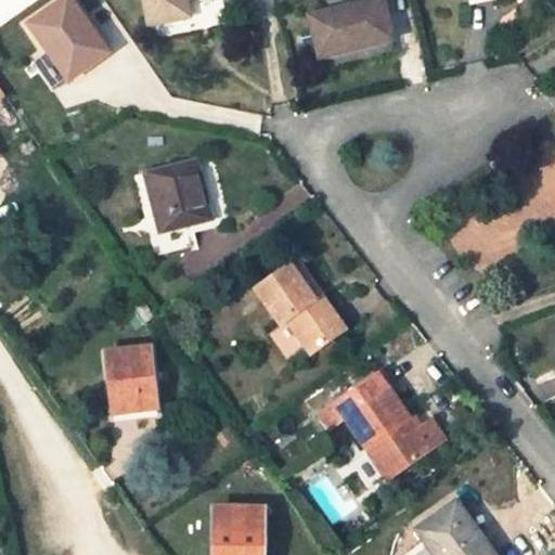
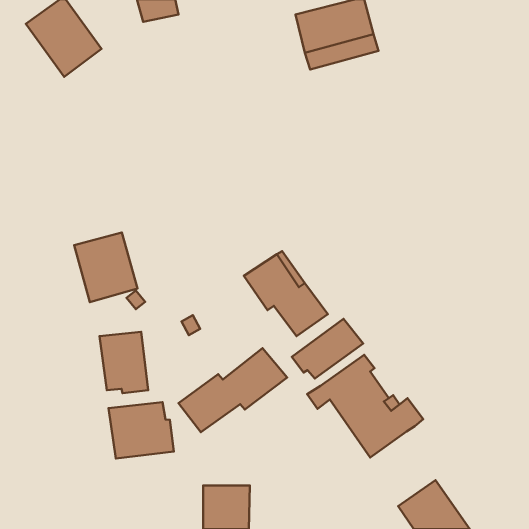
building: [144,158,210,231] -> [74,233,138,302]
building: none -> [292,319,363,379]
building: none -> [178,348,287,432]
building: none -> [108,402,174,459]

